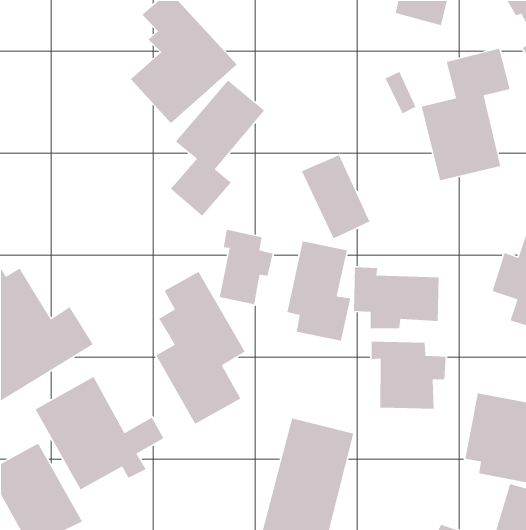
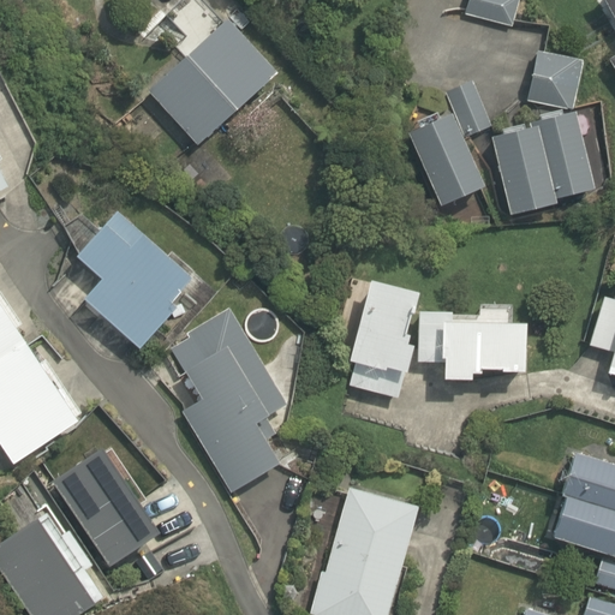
building: [170,80,265,217] -> none
building: [301,154,371,239] -> [401,109,482,208]
building: none -> [82,225,198,348]
building: [219,229,274,305] -> none
building: [371,341,447,409] -> none

